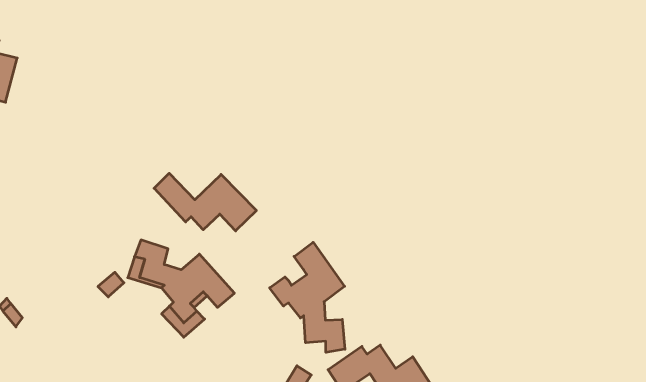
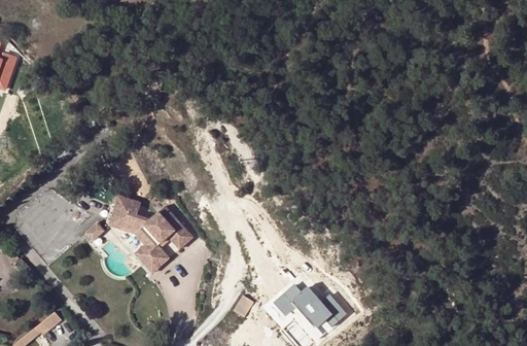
building: [154,173,256,231] -> none
building: [270,242,345,352] -> none

